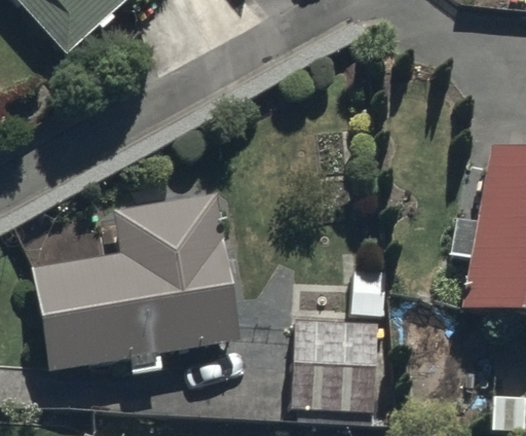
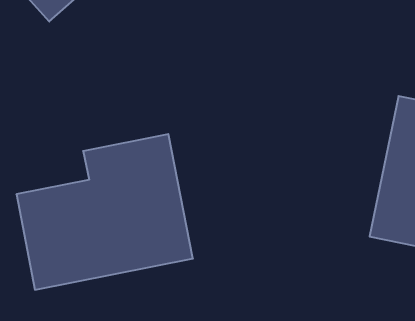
building: [297,320,383,411] -> none

